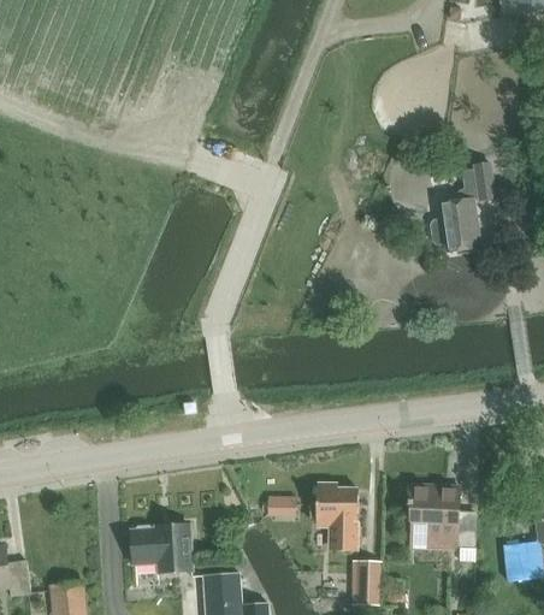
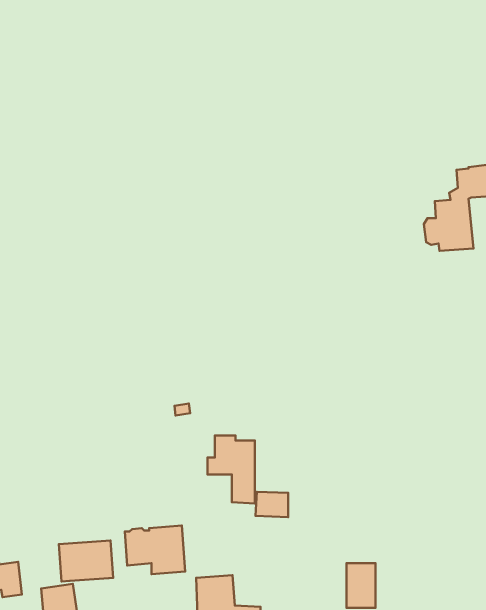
building: [409,481,478,551] -> none
building: [311,483,357,550] -> [208,436,255,503]
building: none -> [59,540,113,582]

